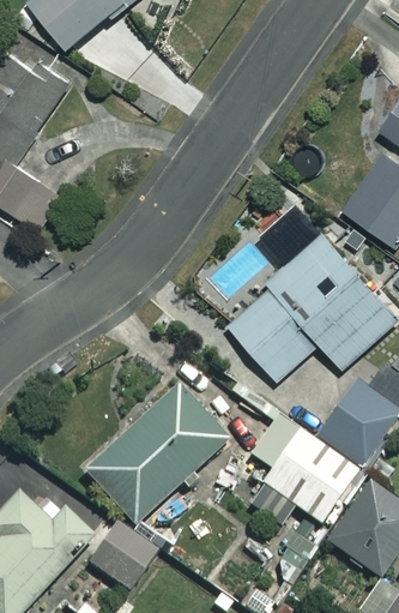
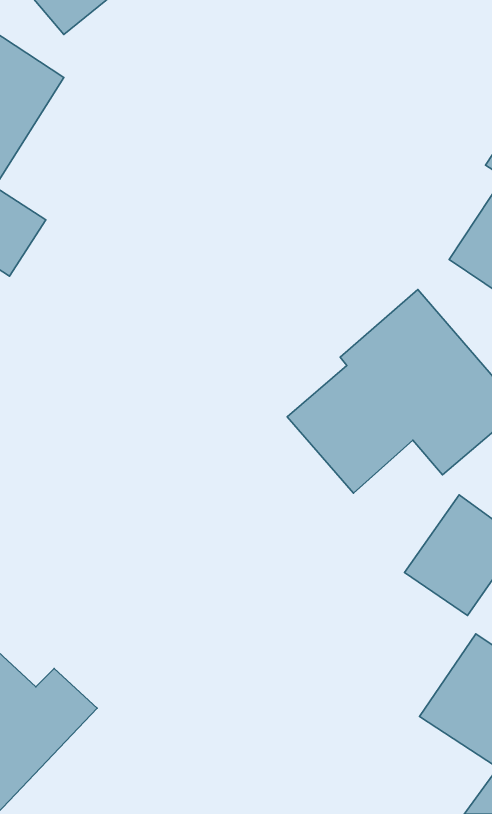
building: [83,381,226,525] -> none
building: [261,428,357,523] -> none
building: [89,523,156,589] -> none

